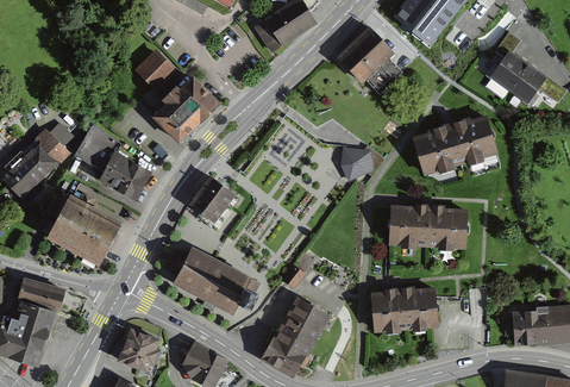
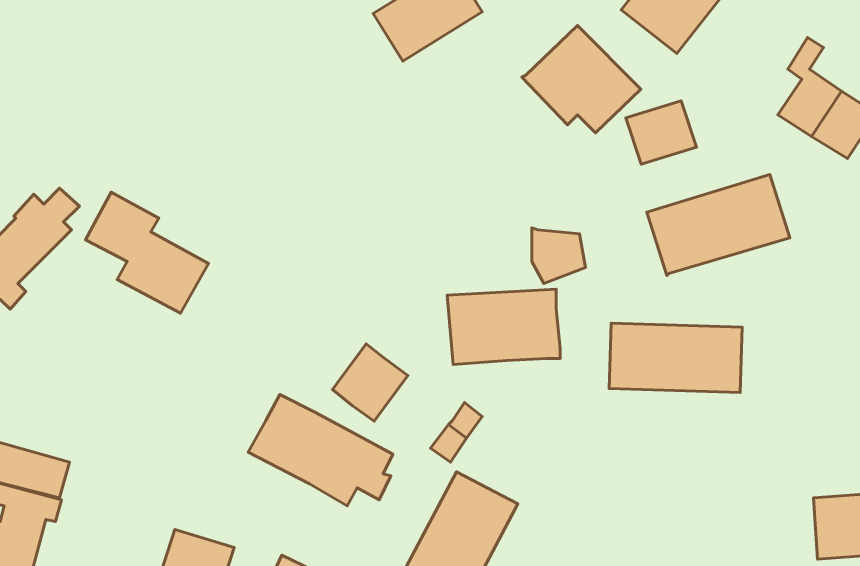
building: [134,49,176,90] -> none
building: none -> [626,101,697,164]
building: [150,75,218,143] -> none
building: [189,177,234,224] -> [332,344,408,421]
building: [48,198,123,266] -> none
building: [370,287,438,332] -> [447,289,560,364]

